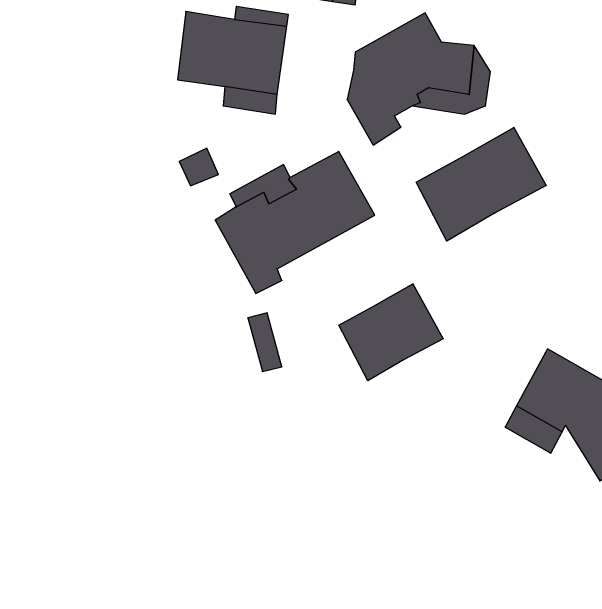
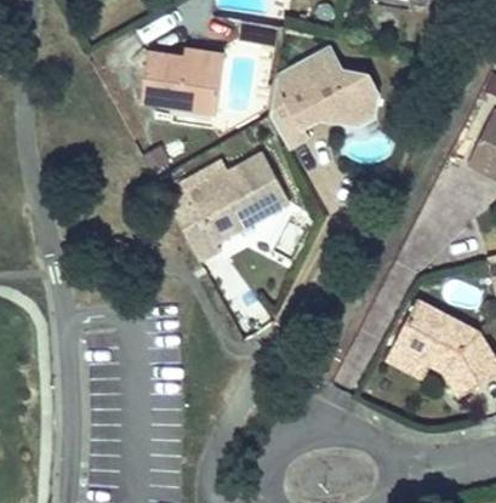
building: [416,127,546,241] -> none
building: [339,284,443,381] -> none

